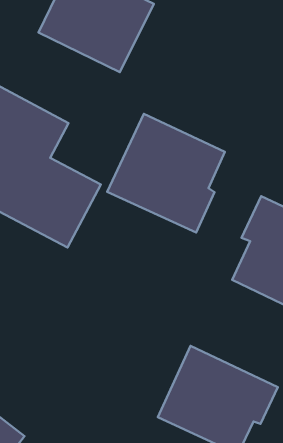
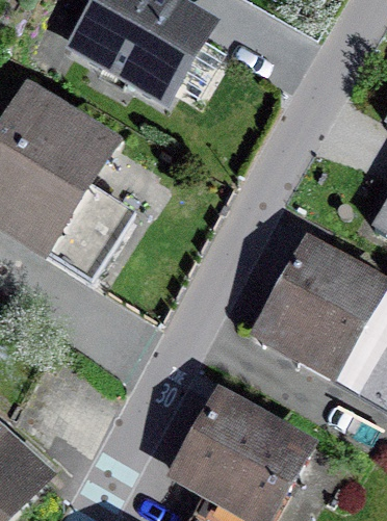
building: [107,114,225,233] -> none

